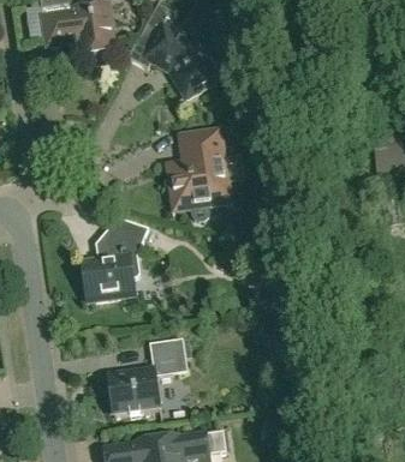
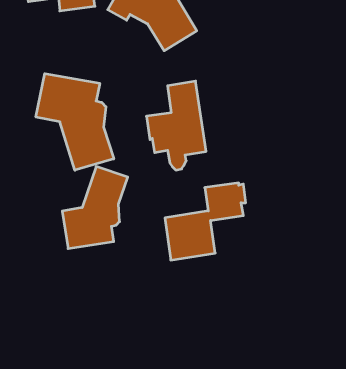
building: none -> [36,74,114,170]
building: [107,336,190,415] -> [165,183,246,260]

